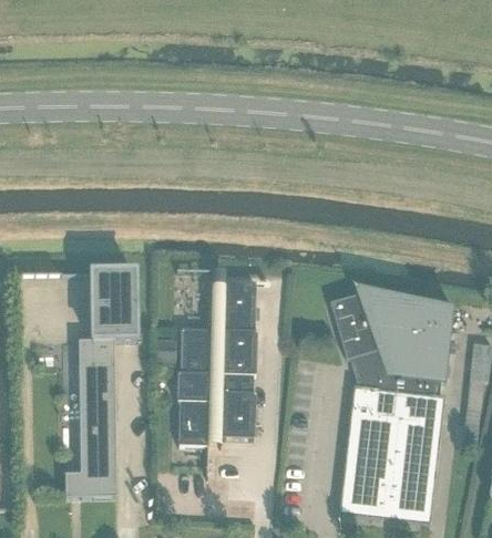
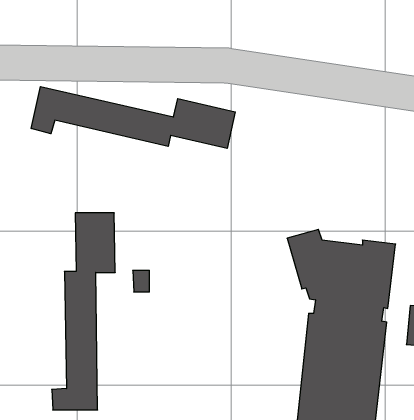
building: none -> [31,87,235,148]
building: [175,267,268,474] -> none

